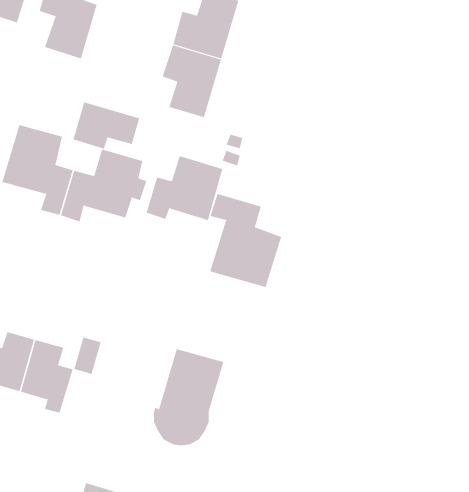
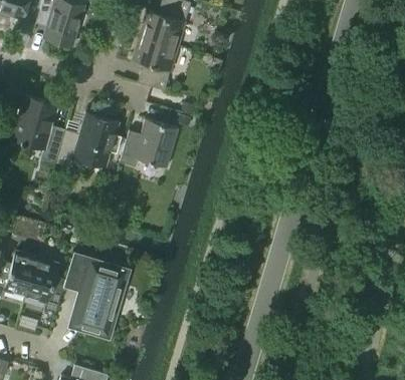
building: [73,101,140,149] -> none
building: [210,193,282,288] -> none
building: [153,348,224,446] -> [73,262,127,335]

